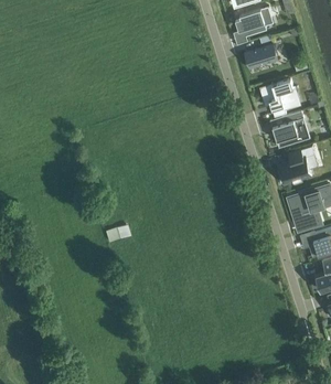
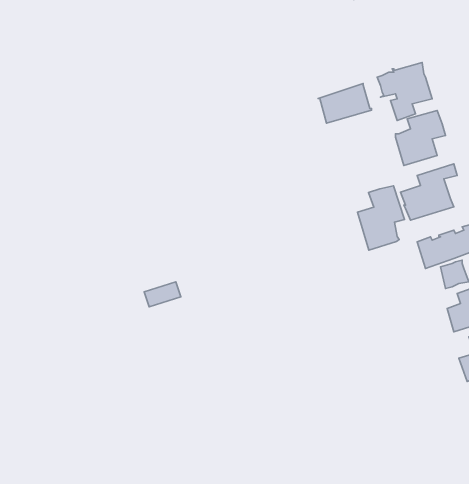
building: [243,42,278,68] -> [318,83,371,123]
building: none -> [357,186,404,250]

